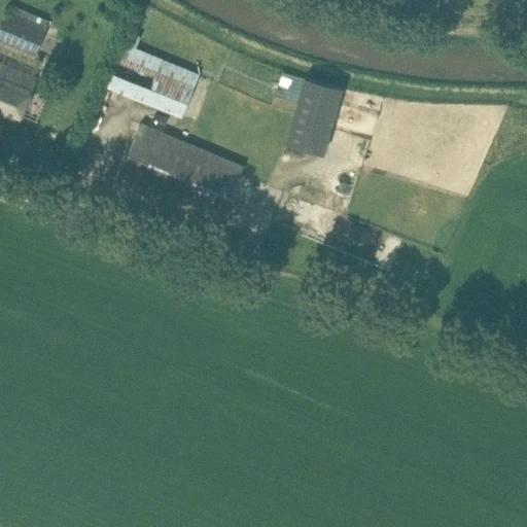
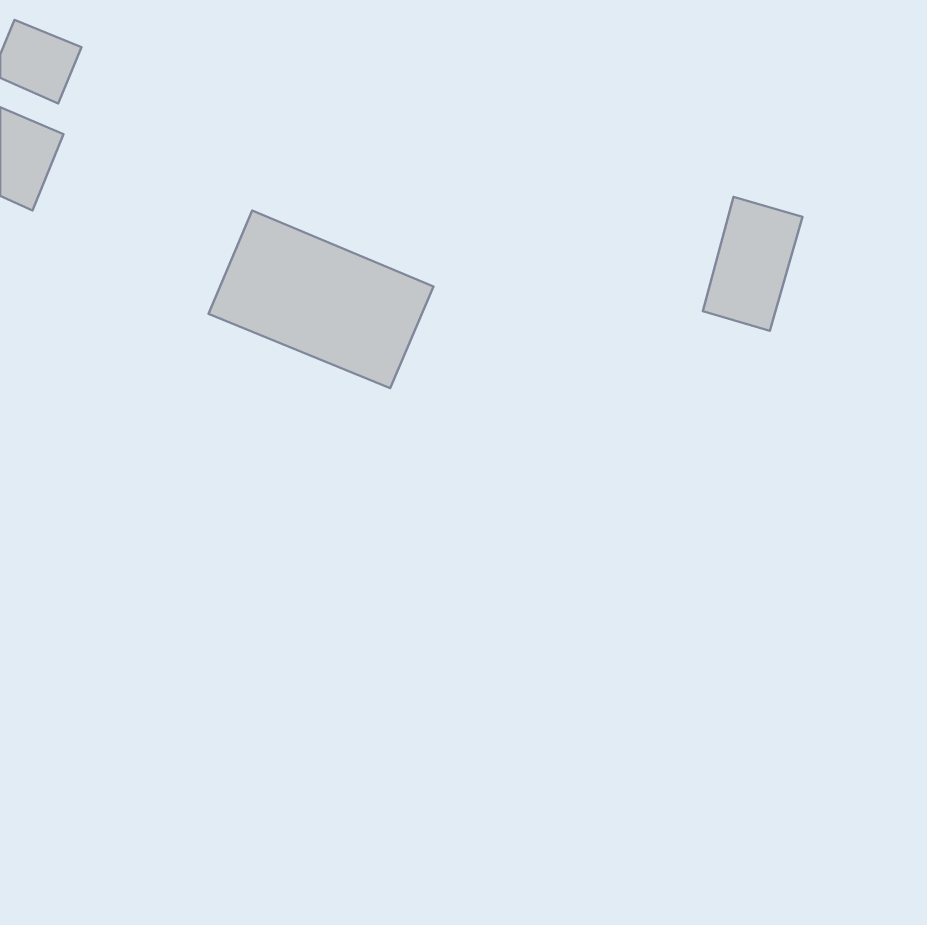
building: [107,45,198,115] -> none
building: [286,77,343,153] -> [703,197,803,331]

